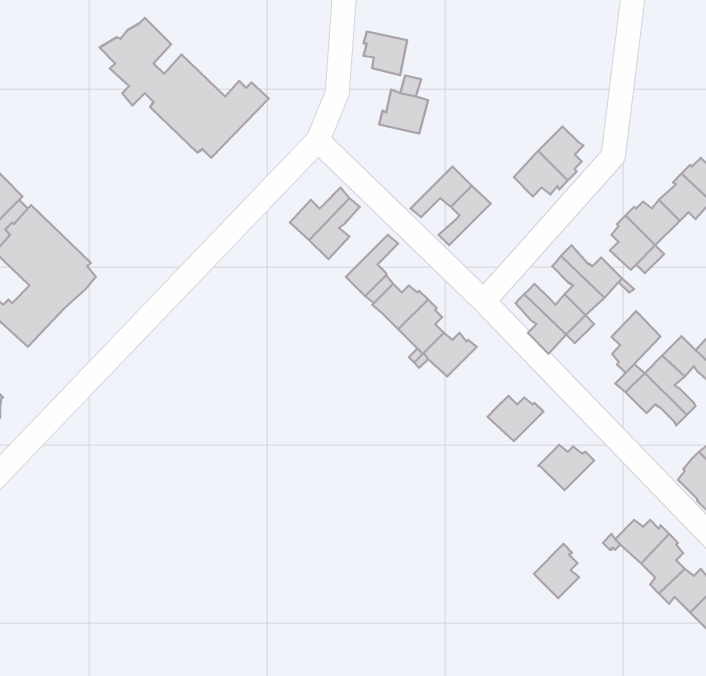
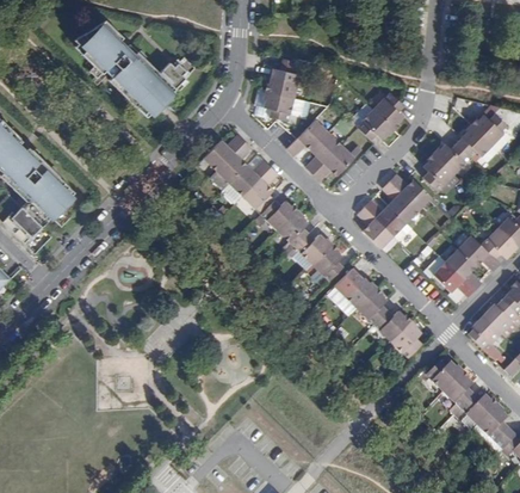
building: [363,31,407,75] -> [262,91,292,121]
building: none -> [312,144,360,180]
building: none -> [230,159,271,195]
building: [612,311,660,373] -> none
building: none -> [311,242,343,281]
building: none -> [357,286,388,323]
building: [534,544,579,598] -> [391,320,422,357]

